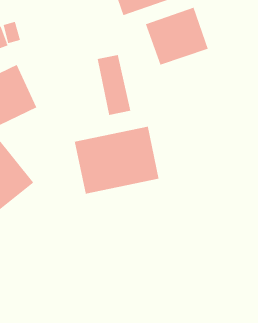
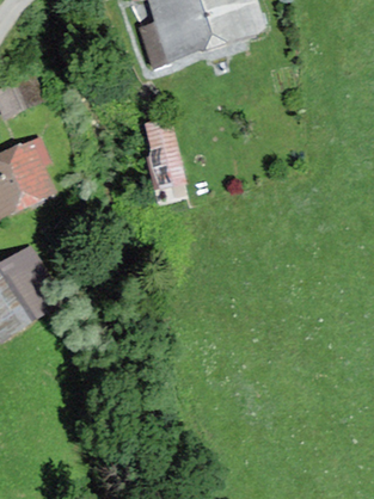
building: [145,7,208,66] -> none
building: [74,126,159,195] -> none

